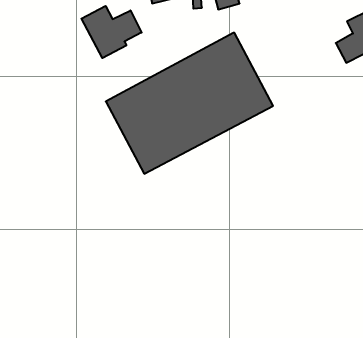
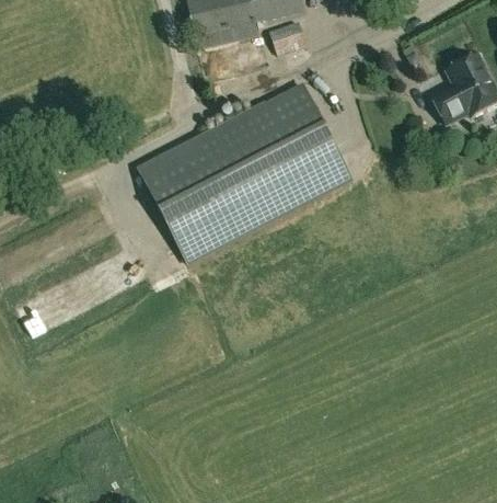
building: [81,6,142,58] -> none

